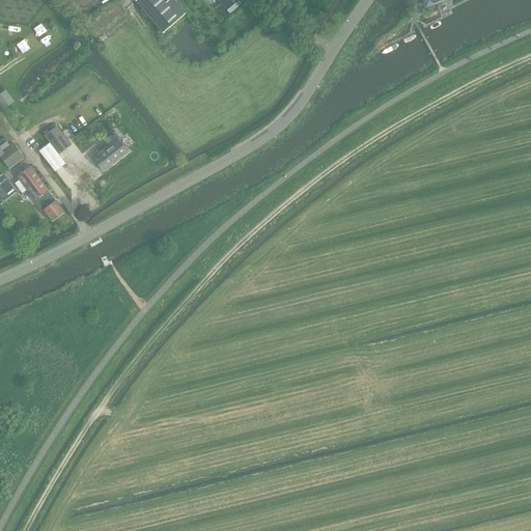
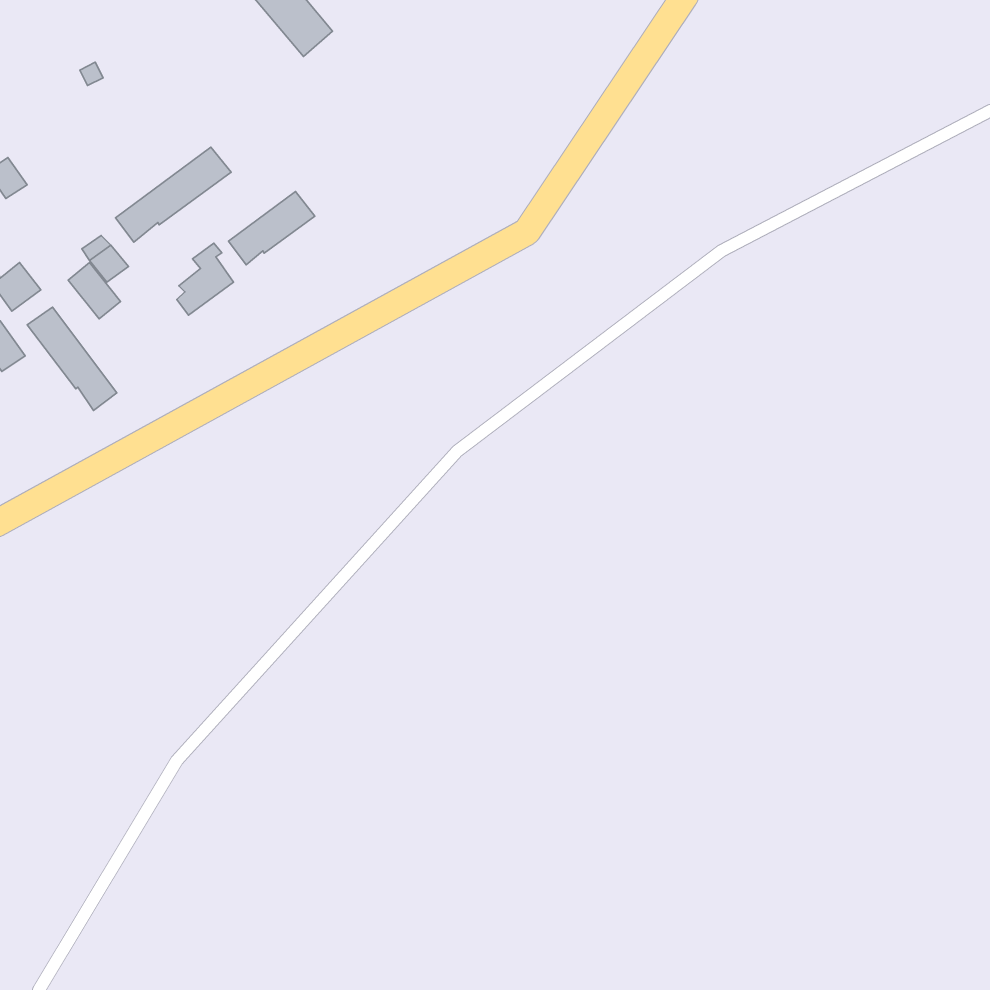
building: none -> [116,147,231,242]
building: none -> [228,191,315,265]

